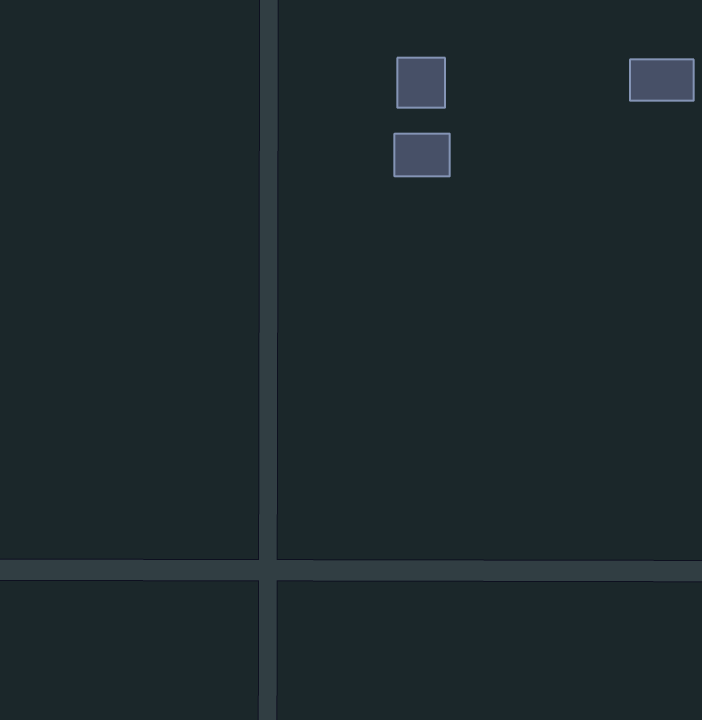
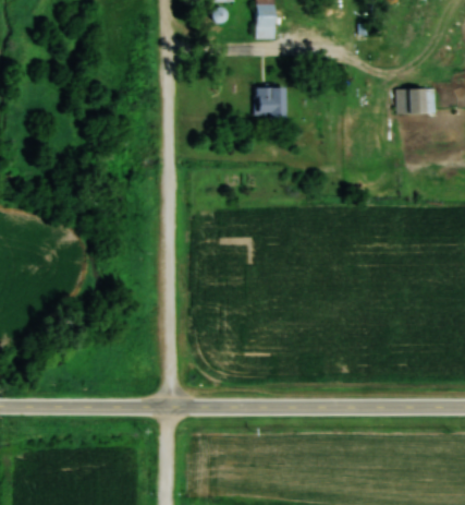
building: [395,134,450,176] -> none

